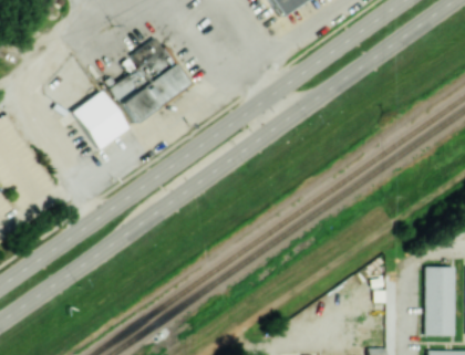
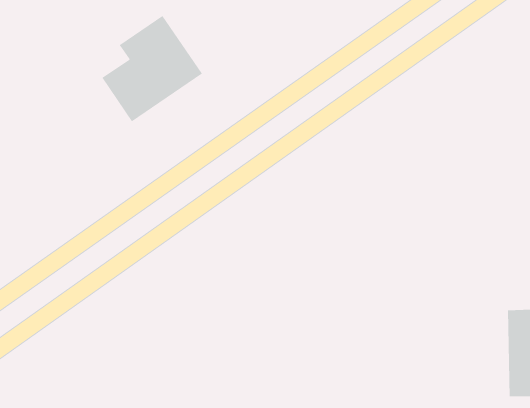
building: [73,91,128,149] -> none

